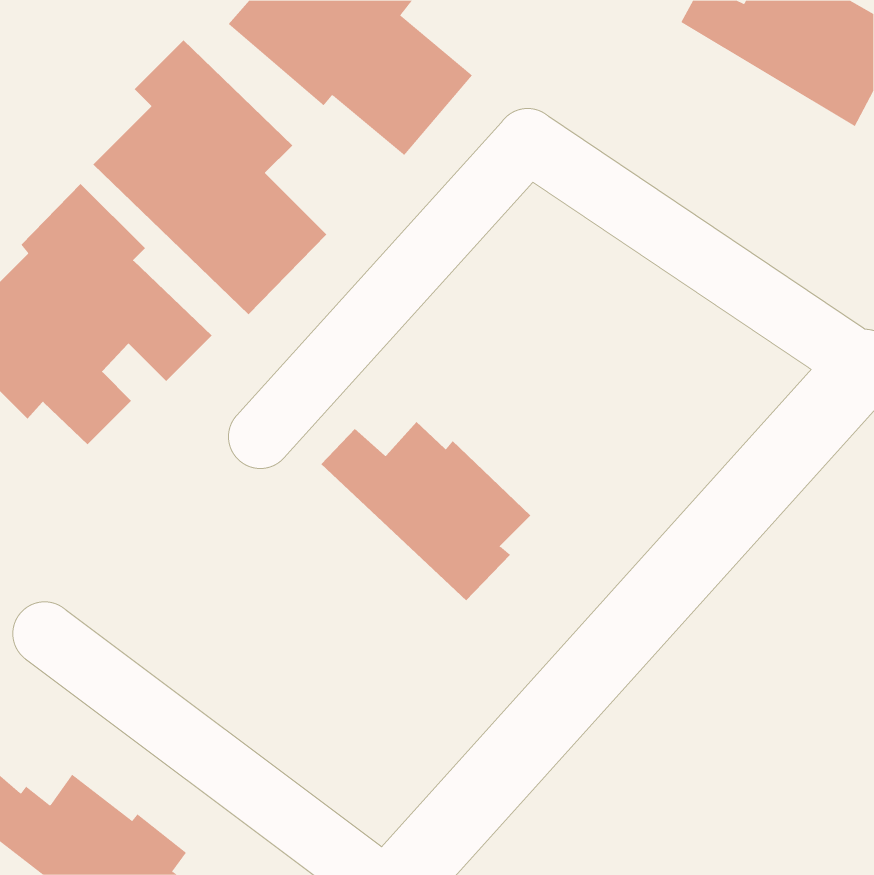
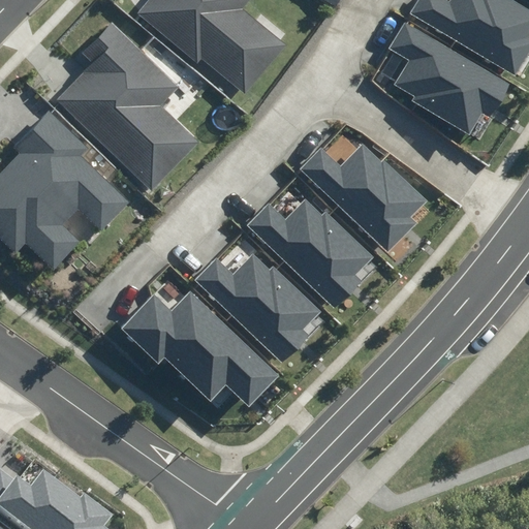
building: none -> [388,23,509,134]
building: none -> [297,145,426,252]
building: none -> [248,200,372,308]
building: none -> [121,292,278,406]

